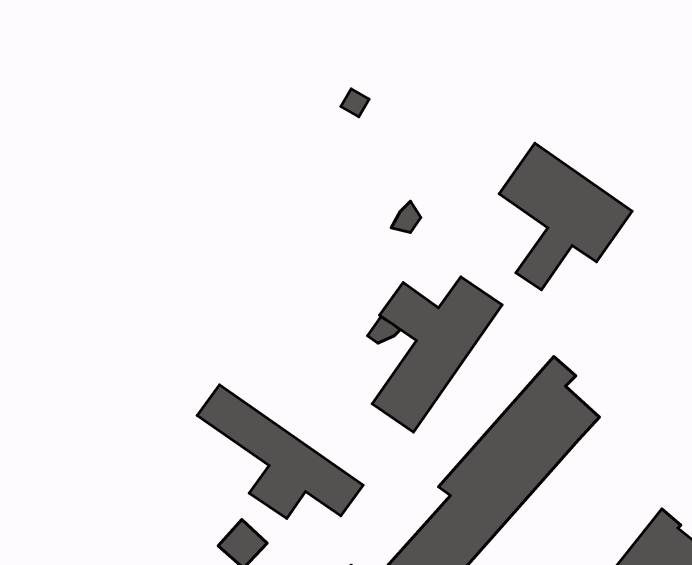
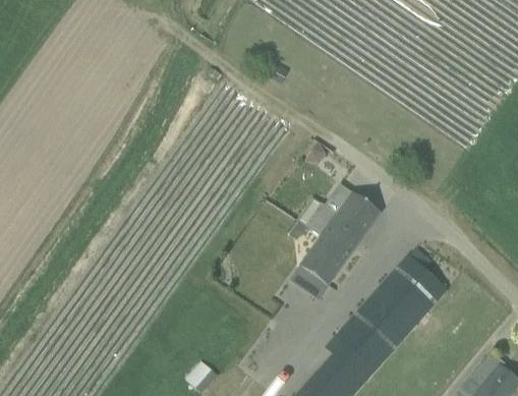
building: [499,143,632,290] -> none
building: [197,385,363,519] -> none

